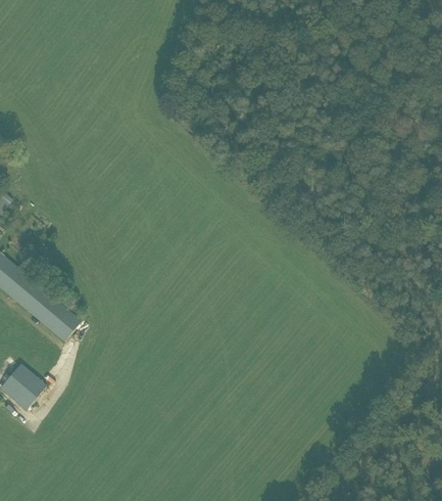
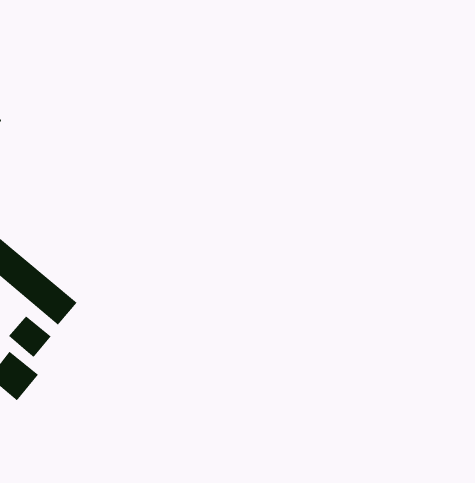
building: none -> [8,316,51,358]

